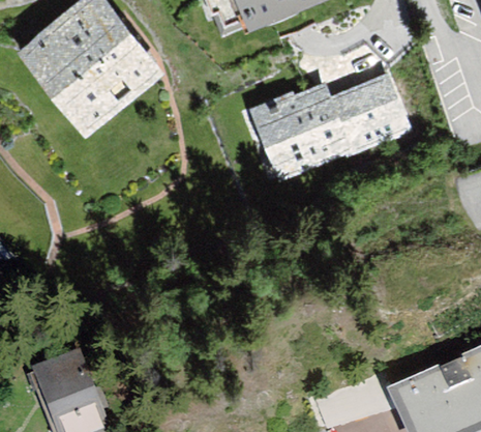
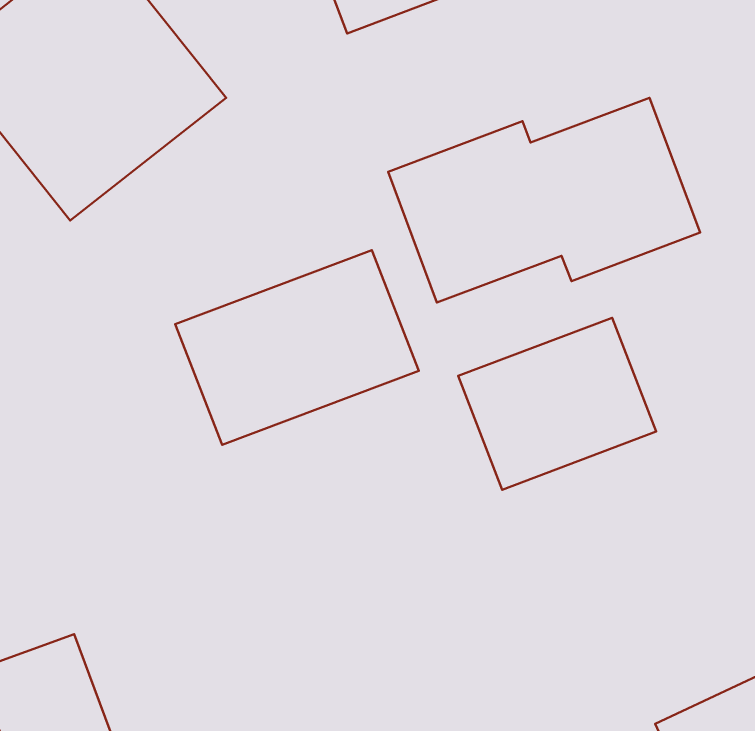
building: none -> [175,250,419,445]
building: none -> [458,318,656,490]

